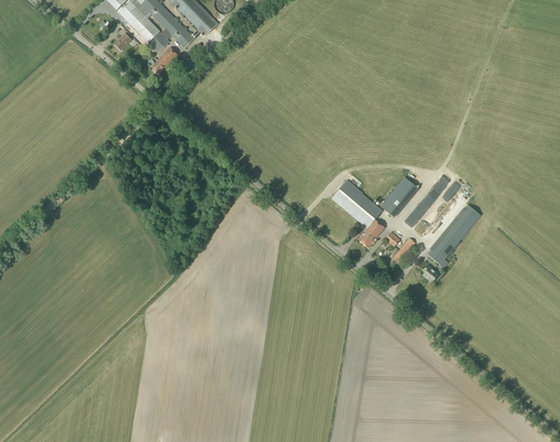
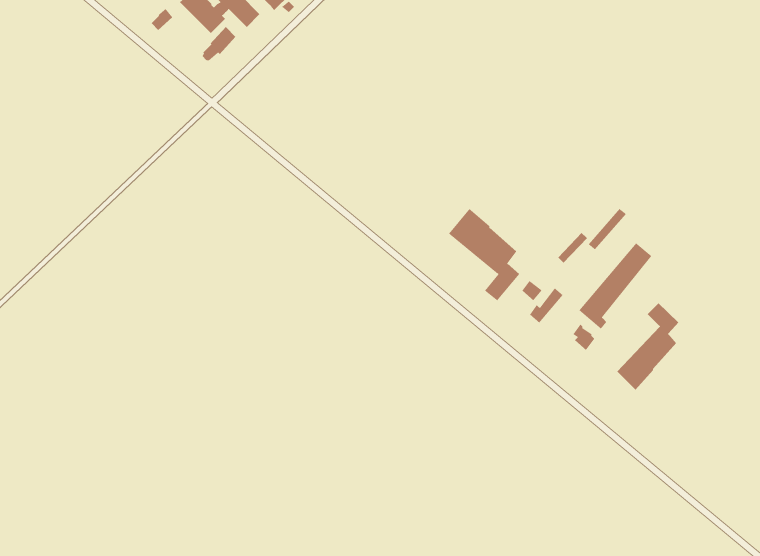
building: [378,176,417,217] -> none
building: none -> [616,302,679,390]

